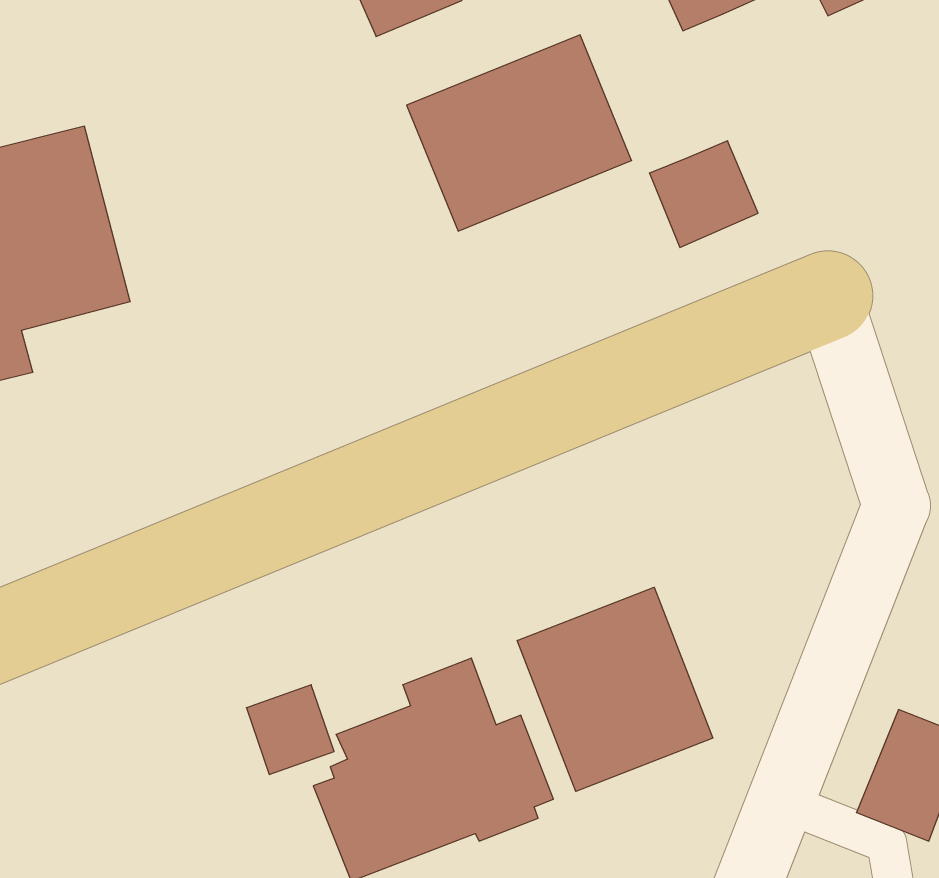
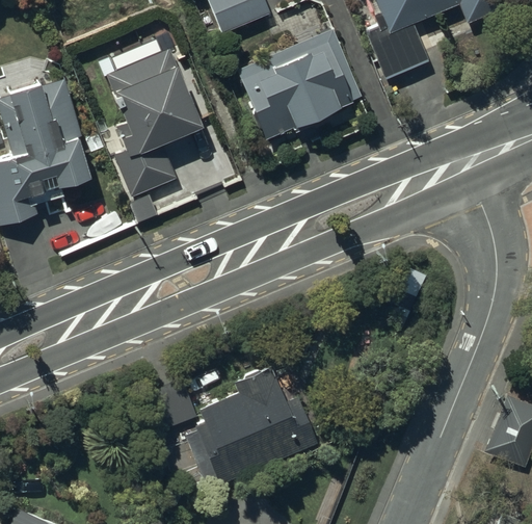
building: none -> [108,53,194,192]
building: [649,141,758,247] -> [368,18,427,76]
building: [517,587,713,791] -> none

